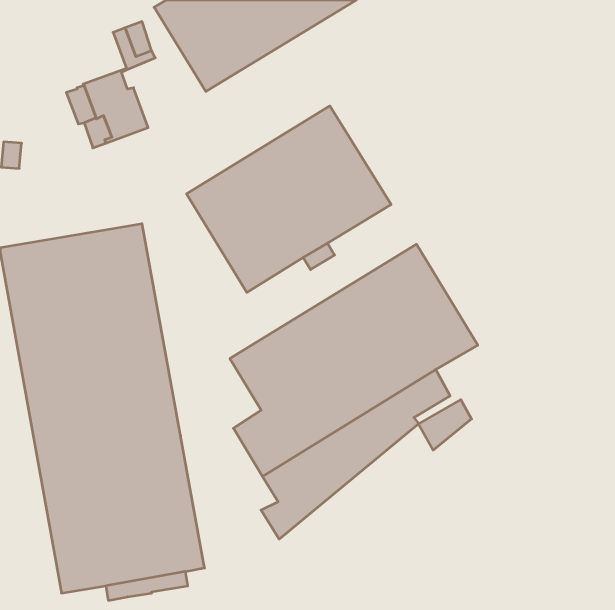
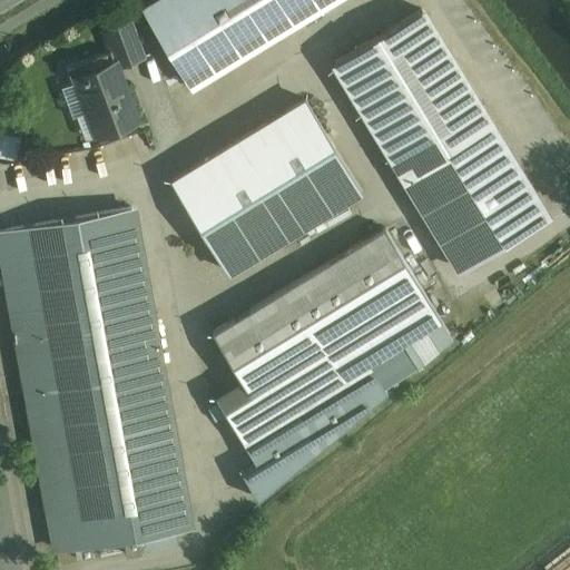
building: none -> [335,13,548,273]
building: none -> [65,52,117,86]
building: [419,400,472,450] -> [403,324,452,371]

